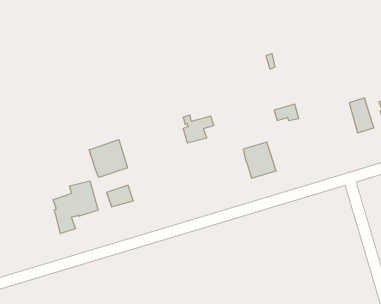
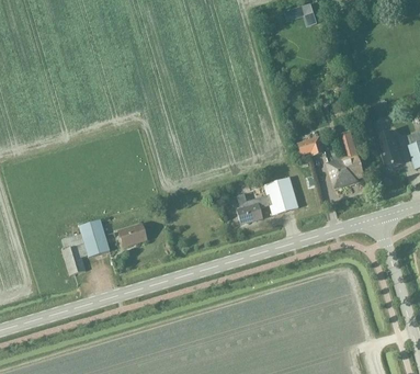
building: none -> [329,146,363,185]
building: [183,115,214,143] -> [237,193,270,223]
building: [89,140,128,177] -> none

